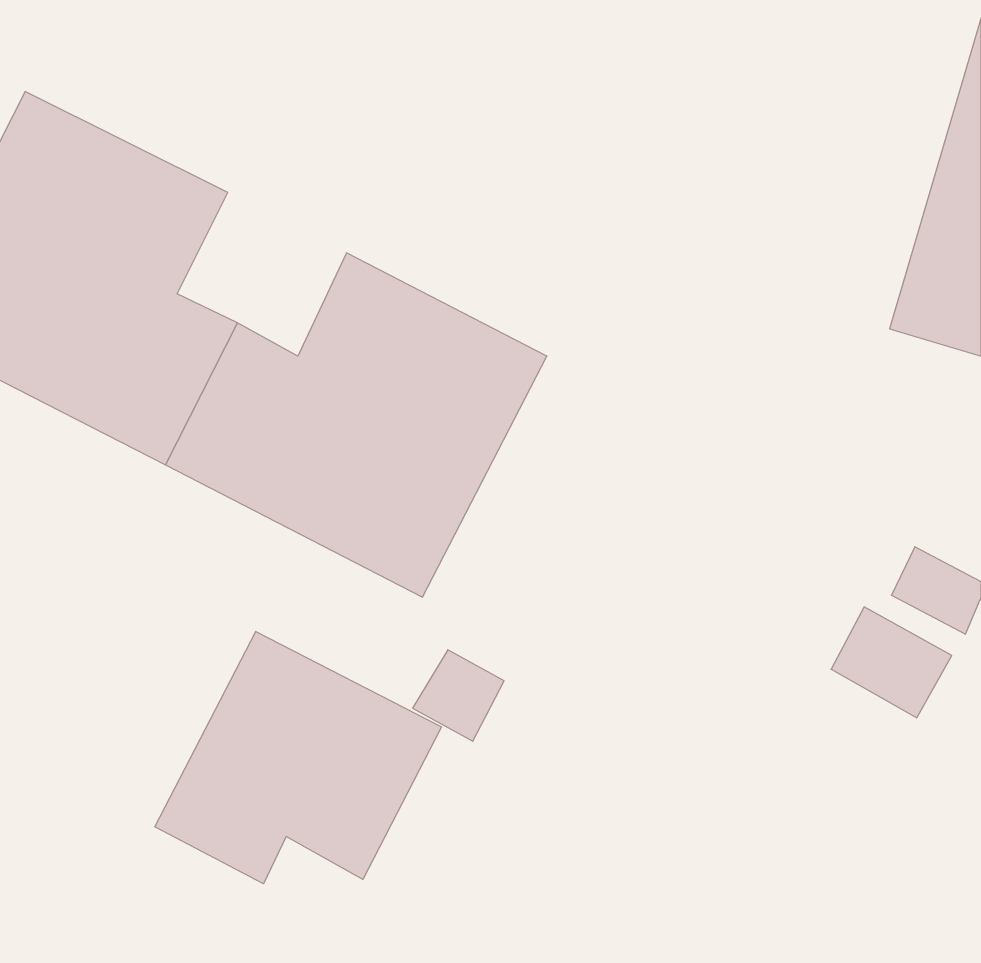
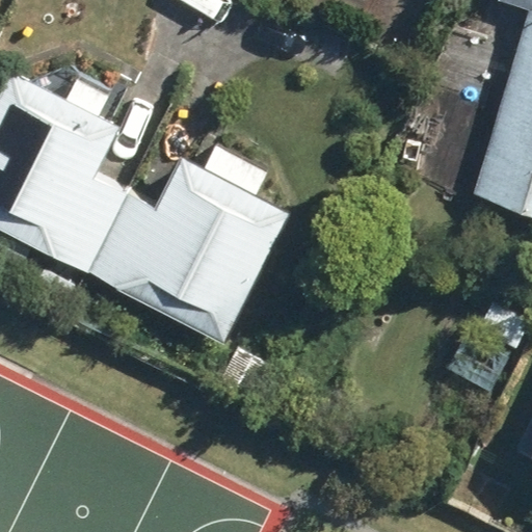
building: [155,631,442,884] -> none

